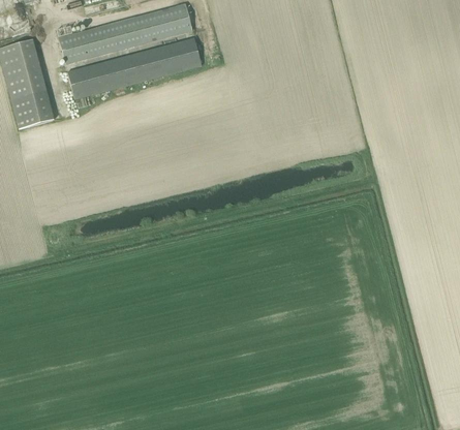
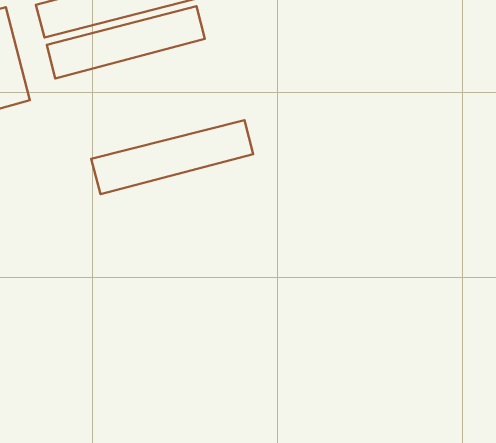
building: none -> [91,120,253,194]

